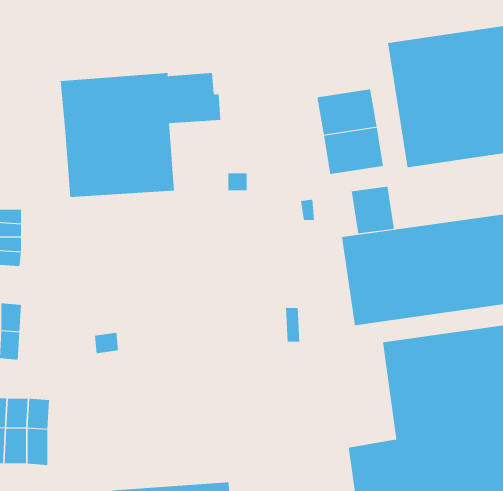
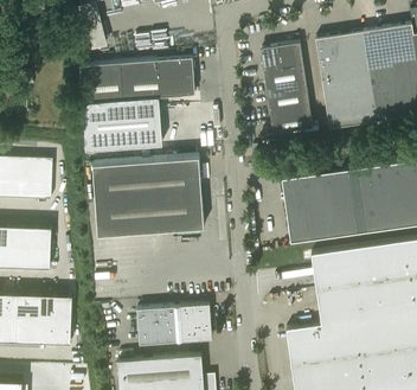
building: none -> [261,44,302,78]
building: [351,186,394,234] -> none
building: none -> [91,158,203,236]
building: none -> [136,306,210,346]

